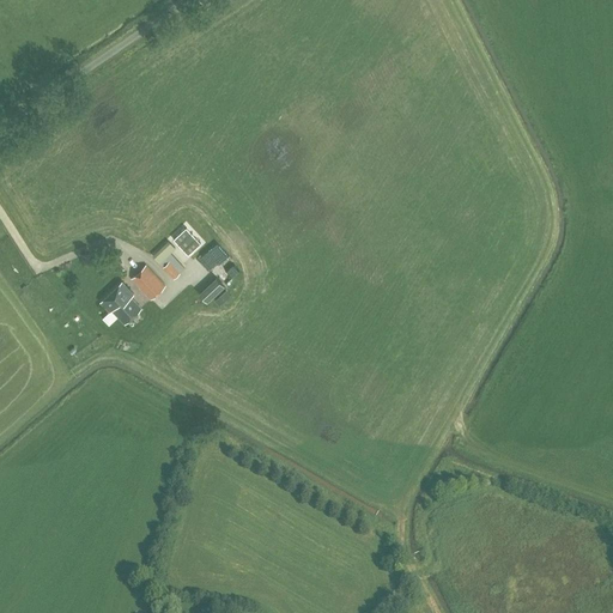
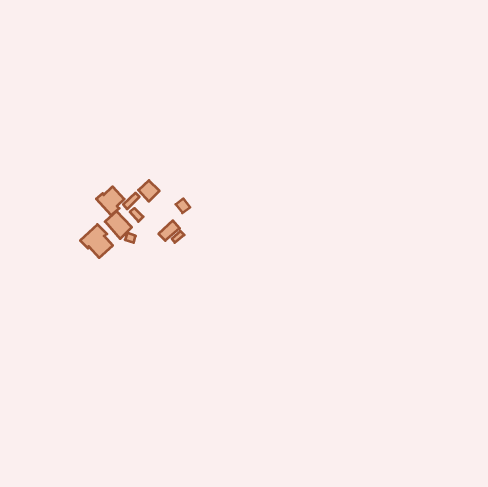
building: none -> [96,187,124,215]

